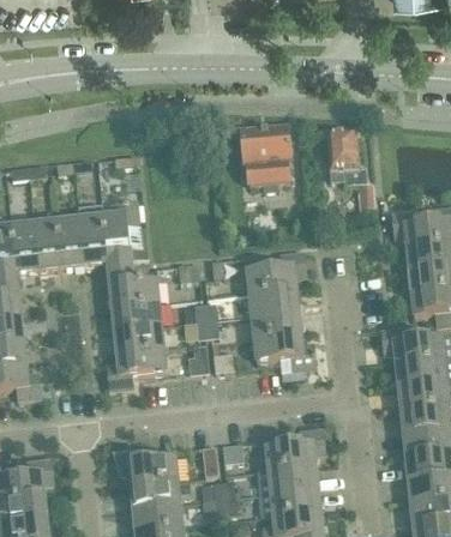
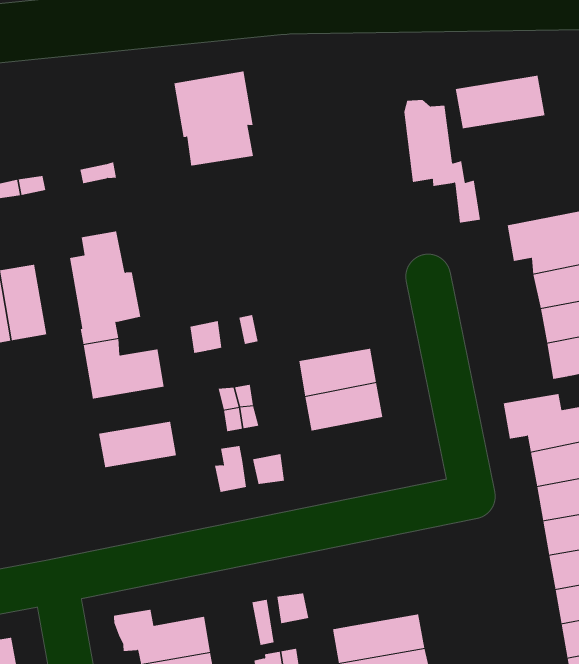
building: none -> [455,75,545,129]
building: [240,126,290,186] -> [174,71,254,166]
building: [78,204,108,265] -> none
building: [246,253,307,294] -> none
building: [112,304,162,332] -> none
building: [253,334,317,372] -> none
building: [107,350,167,391] -> none
building: [265,430,325,470] -> none

